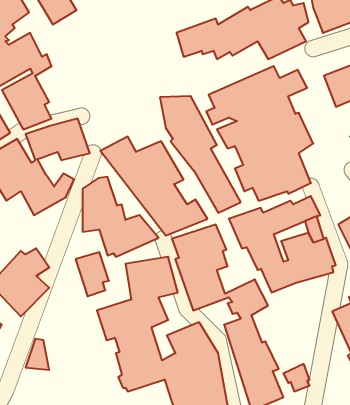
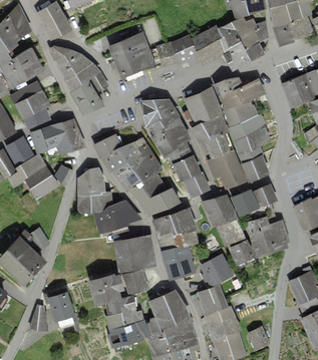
building: none -> [108,31,156,78]
building: none -> [47,44,107,114]
building: [76,252,109,296] -> [48,291,76,328]

